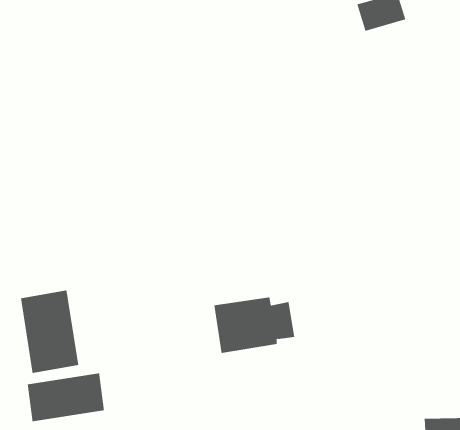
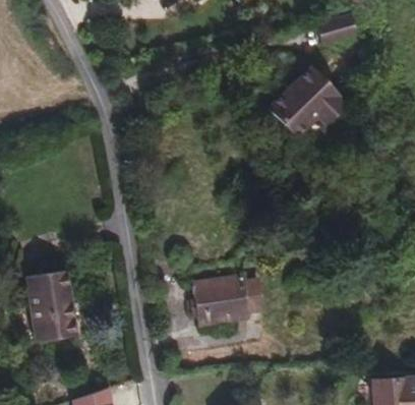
building: none -> [264,65,343,138]
building: [27,372,105,422] -> none

